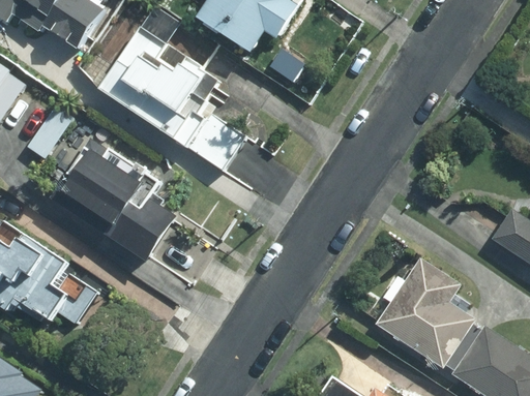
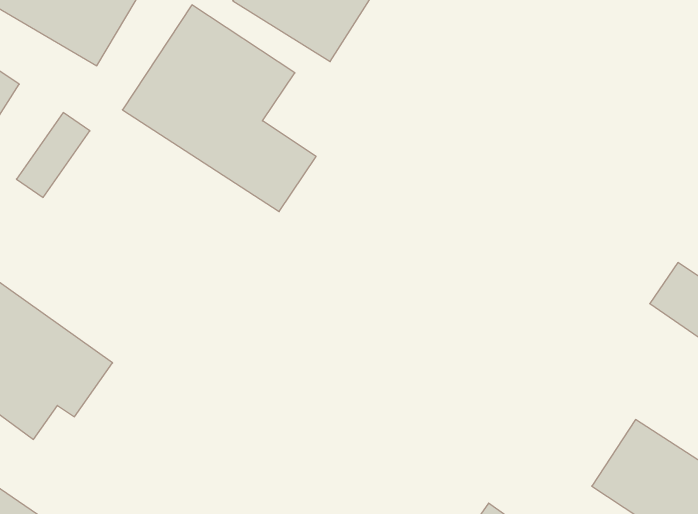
building: [49,145,184,266] -> none
building: [370,254,477,369] -> none

